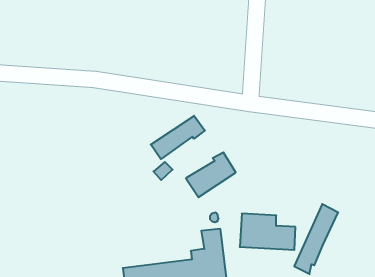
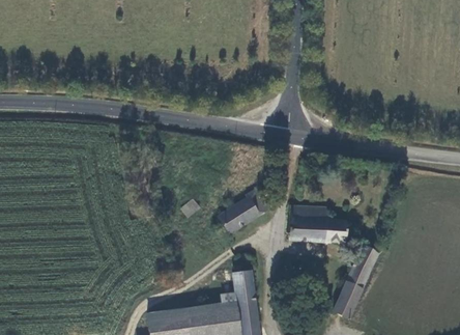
building: [151,116,205,159] -> none
building: [240,214,295,250] -> [287,205,347,245]

